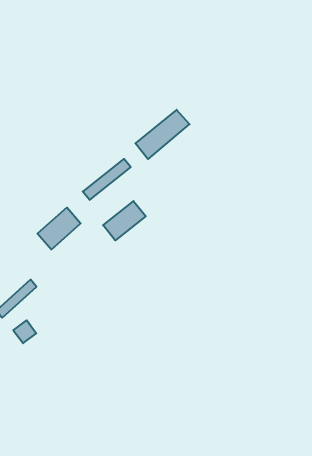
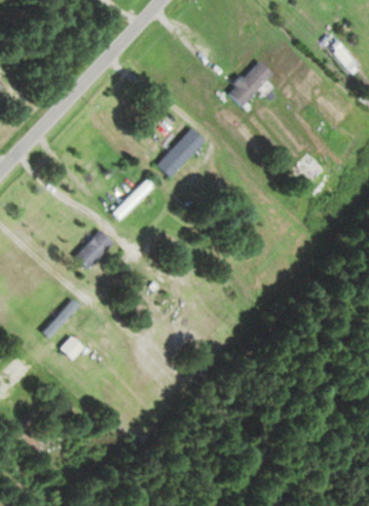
building: none -> [227,60,272,107]
building: [103,201,146,240] -> none

